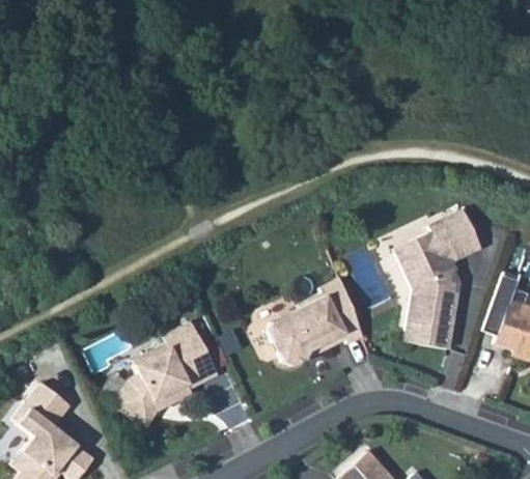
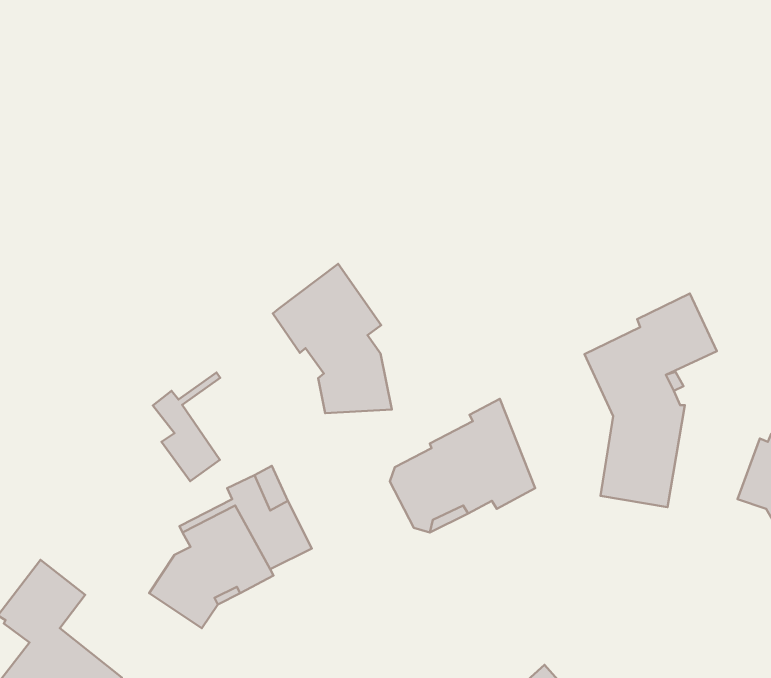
building: none -> [273,264,392,413]
building: none -> [153,372,220,481]

